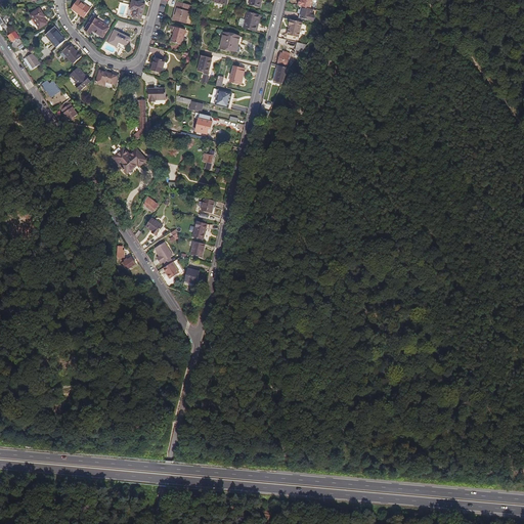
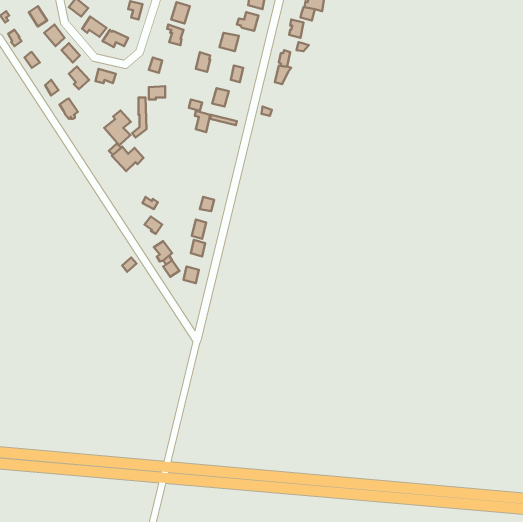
building: none -> [104,111,131,145]

